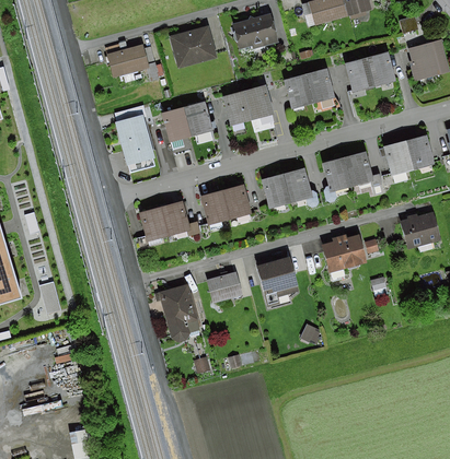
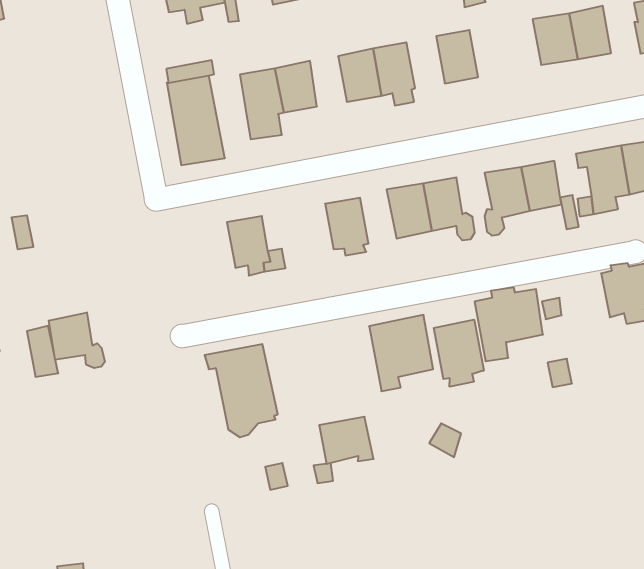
building: [305,68,335,109] -> none
building: [200,190,230,228] -> none
building: [139,207,169,245] -> none
building: none -> [434,320,484,387]
building: none -> [49,312,105,368]
building: [207,271,243,303] -> [319,417,374,464]

